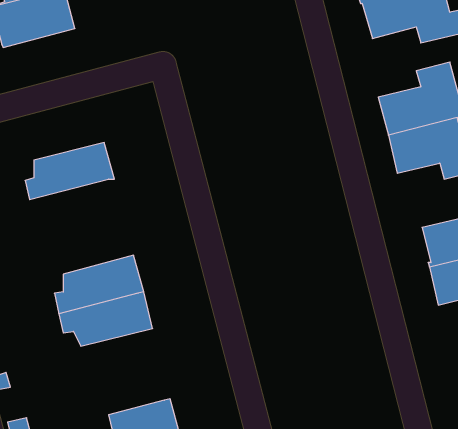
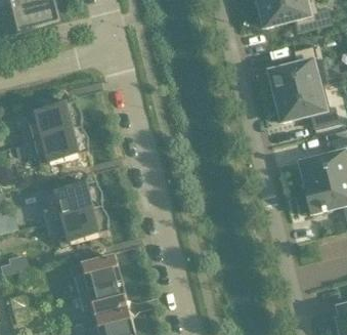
building: none -> [24,127,89,165]
building: none -> [74,254,122,292]

